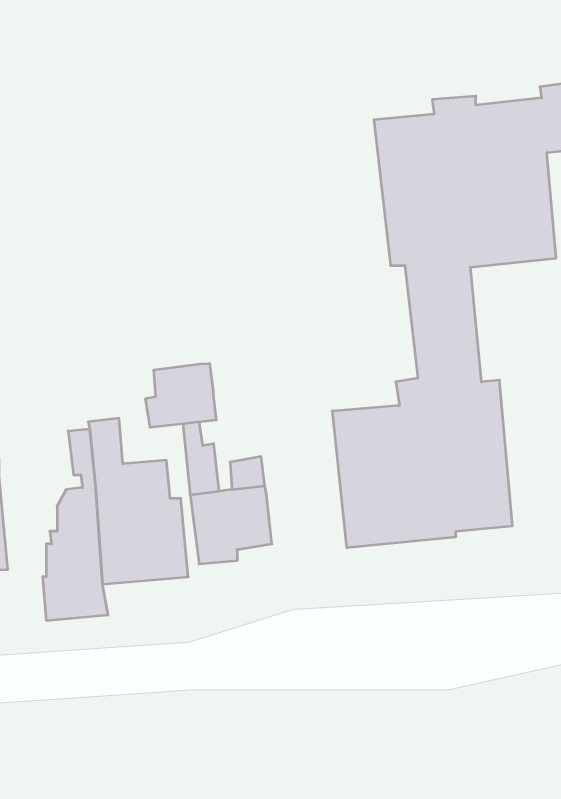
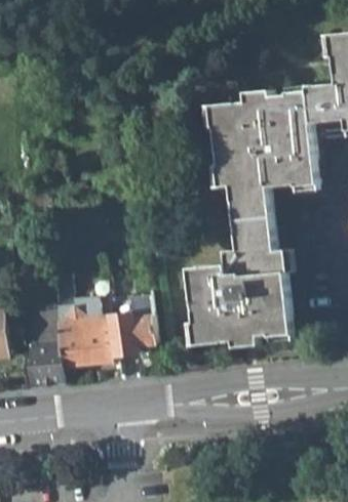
building: [146,363,216,427] -> none

